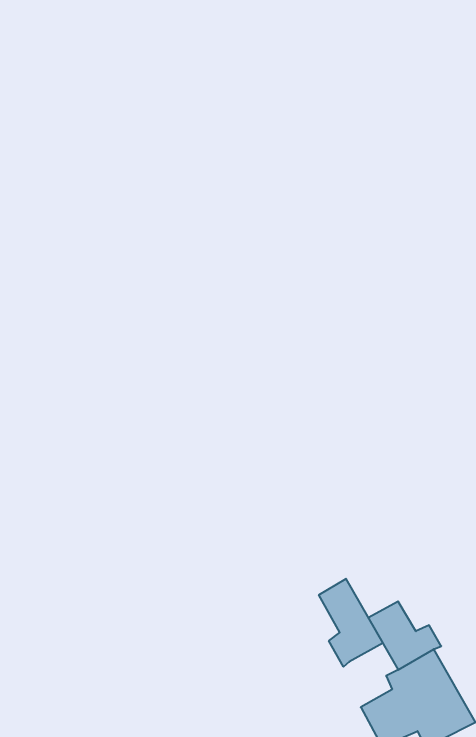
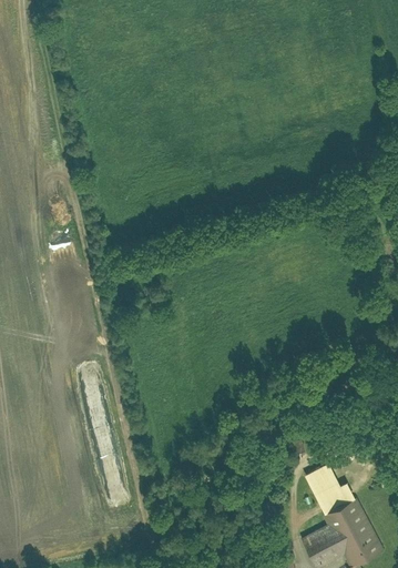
building: [319,579,383,667] -> none

